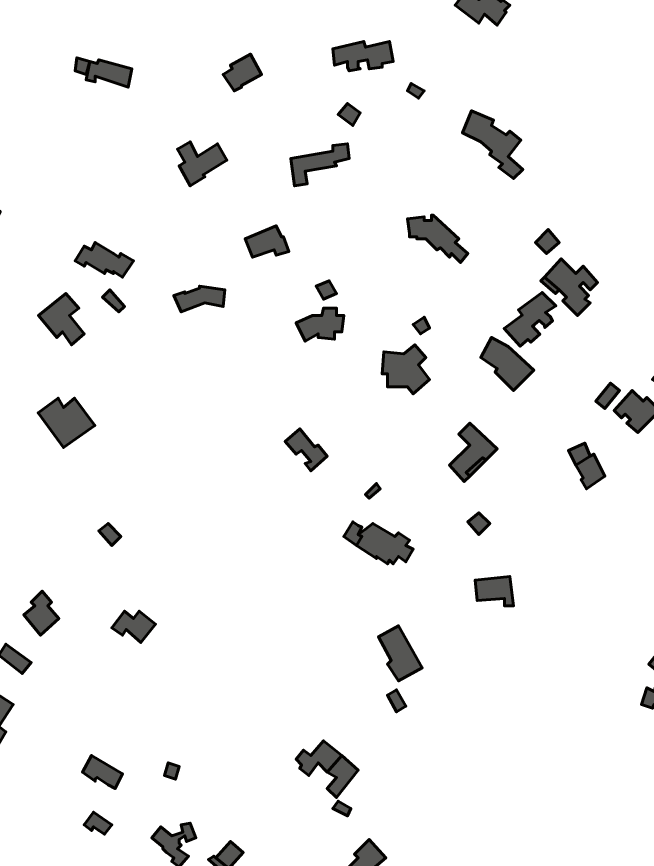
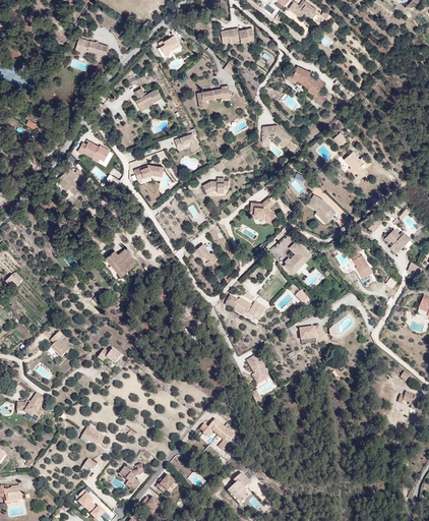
building: [504,292,556,346] -> none
building: [38,398,95,448] -> [107,249,138,277]

